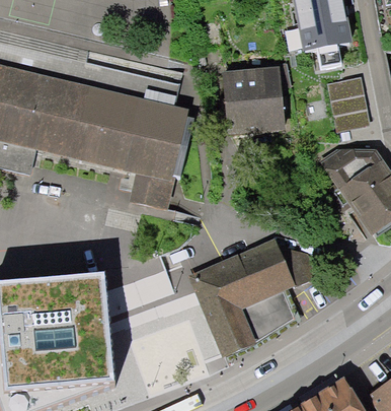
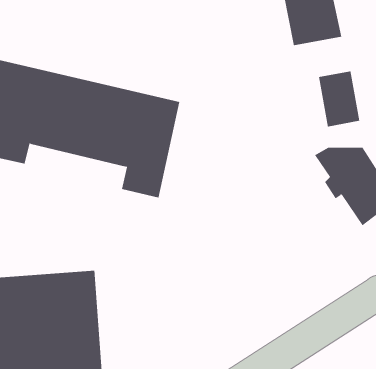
building: [221,61,285,134] -> none
building: [191,243,316,353] -> none

